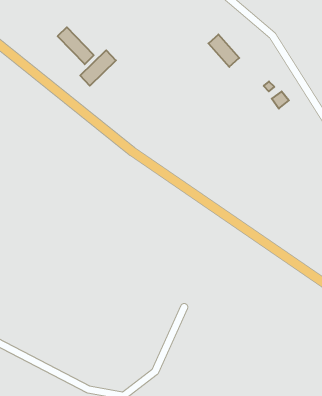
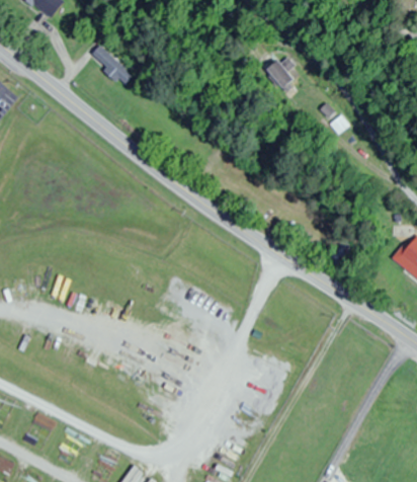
building: [80,50,116,86] -> none

